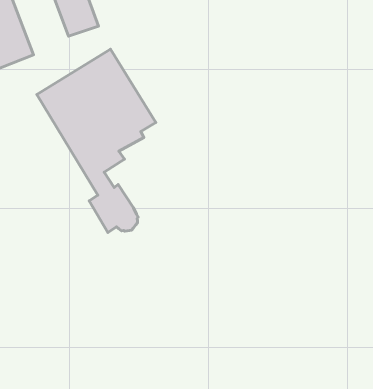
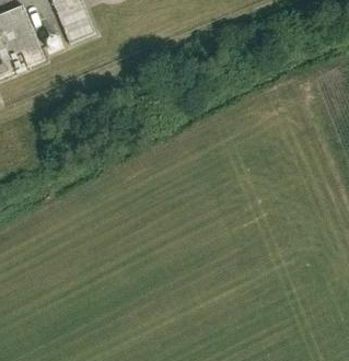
building: [37,49,156,233] -> none

